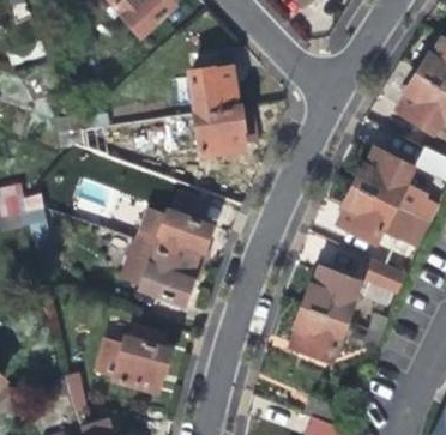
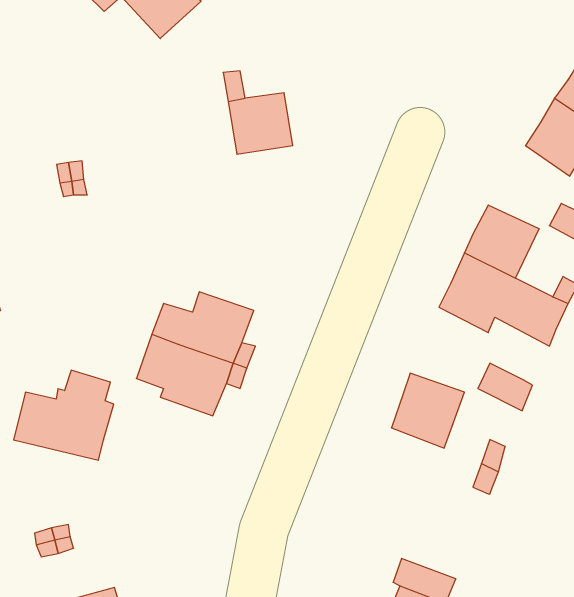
building: [183,108,258,152] -> none
building: [293,307,343,358] -> none
building: [96,325,167,388] -> [14,370,114,460]

